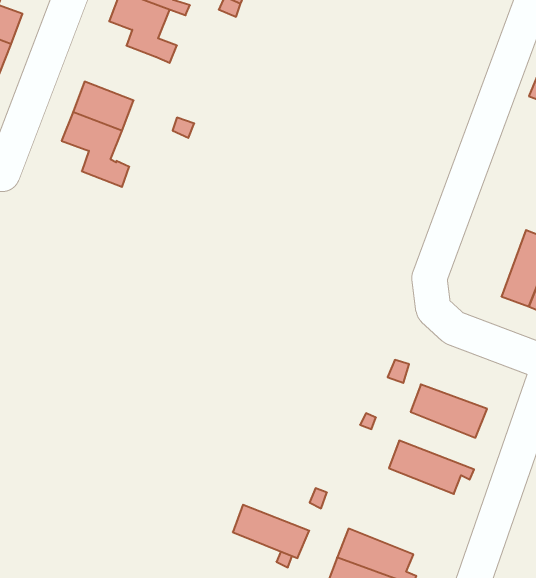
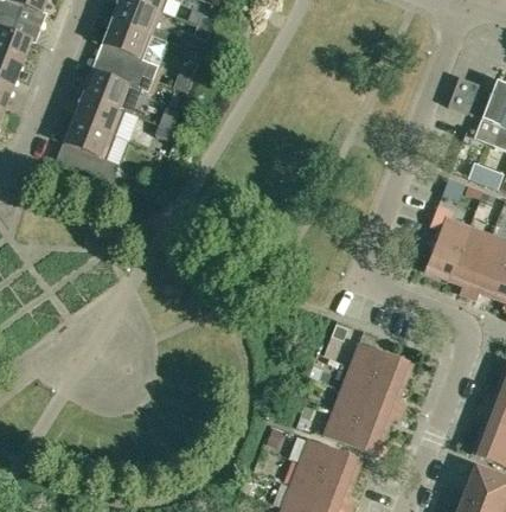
building: none -> [83,64,153,109]
building: none -> [341,365,406,412]
building: none -> [324,411,386,455]
building: [233,505,309,558] -> [300,439,363,482]

